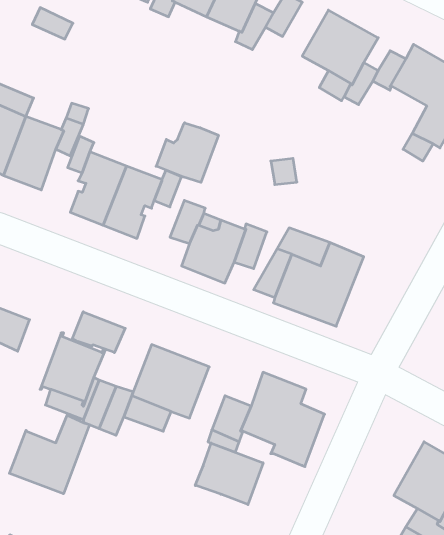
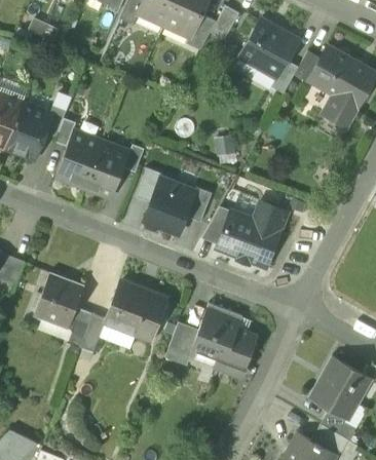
building: [156,123,218,182] -> none
building: [72,312,125,353] -> none
building: [9,415,90,494] -> none
building: [195,443,263,505] -> none

